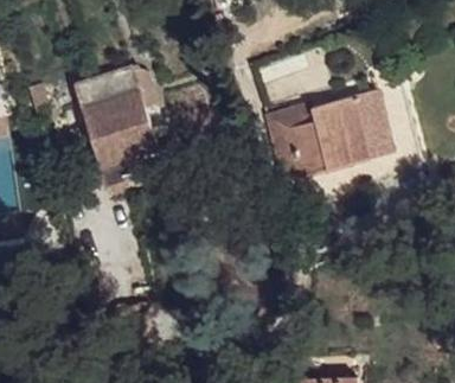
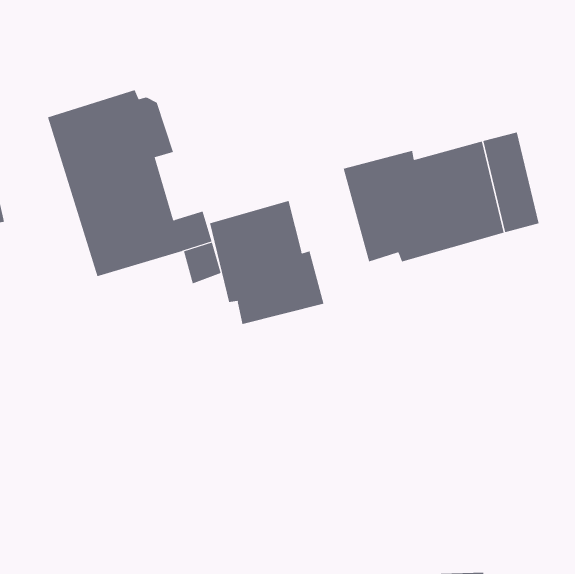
building: none -> [210,200,324,325]

